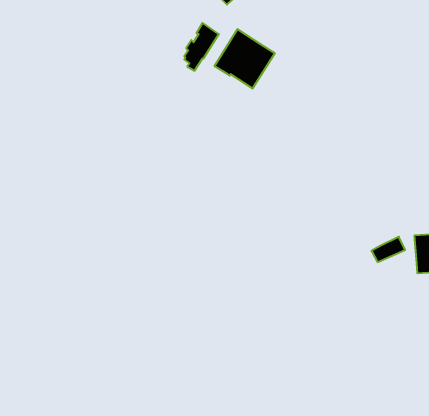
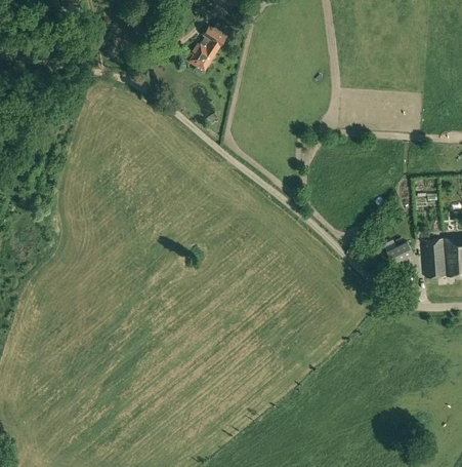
building: [215,29,275,89] -> none

